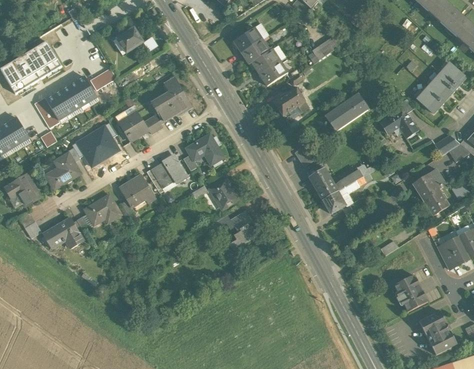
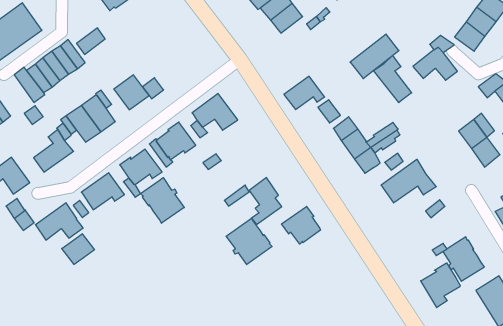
building: [152,77,192,121] -> none
building: [273,87,308,115] -> [284,76,325,110]
building: none -> [373,55,412,103]
building: [209,178,238,205] -> none
building: none -> [141,178,184,223]
building: none -> [381,159,436,203]
building: none -> [282,206,320,244]
building: none -> [226,218,272,265]
building: none -> [62,234,94,264]
building: none -> [421,263,460,308]

